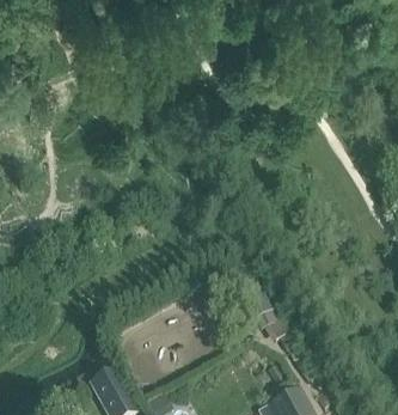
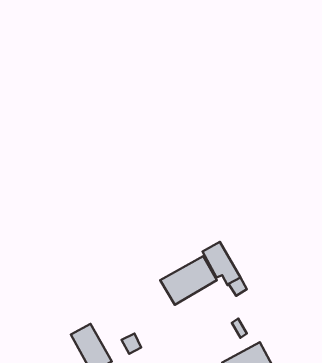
building: none -> [160,256,217,305]

